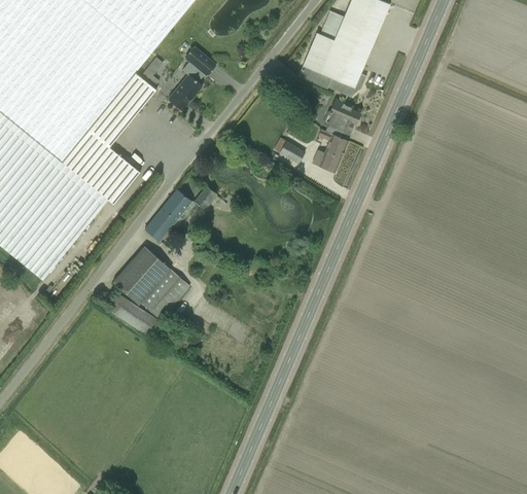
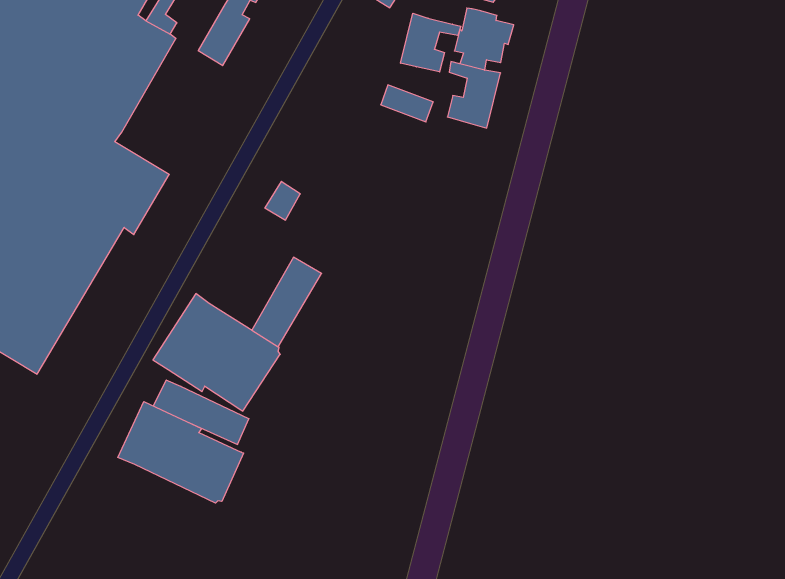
building: none -> [401,13,461,72]
building: [144,188,191,241] -> [252,257,322,347]
building: none -> [118,402,244,503]

